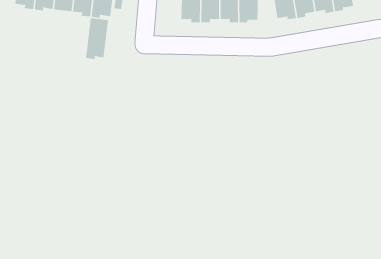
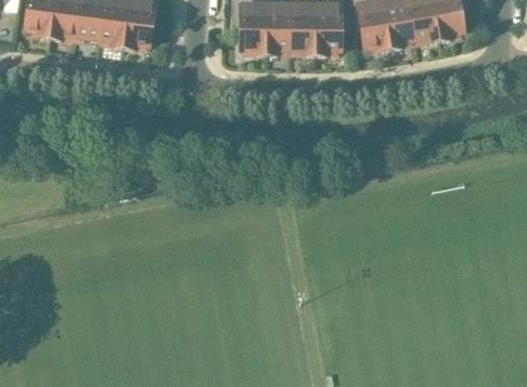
building: [86,17,108,60] -> none

